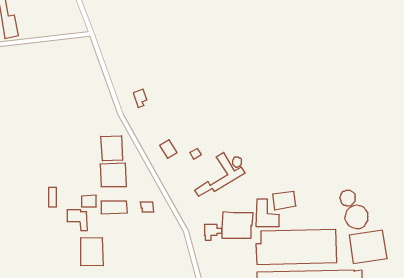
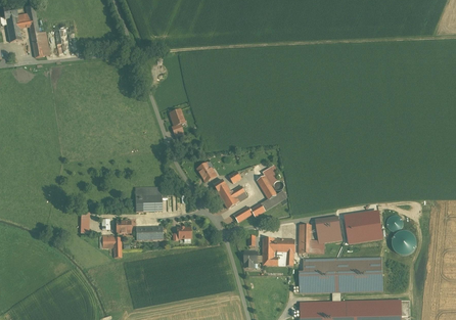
building: [101,136,122,161] -> none
building: none -> [213,180,253,210]
building: [349,230,387,263] -> [346,210,385,244]
building: [81,238,103,266] -> none

